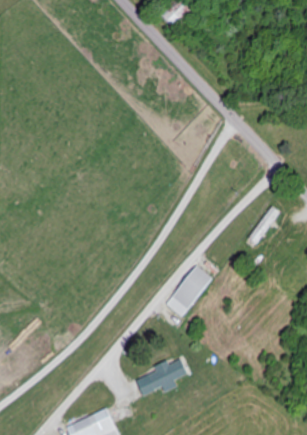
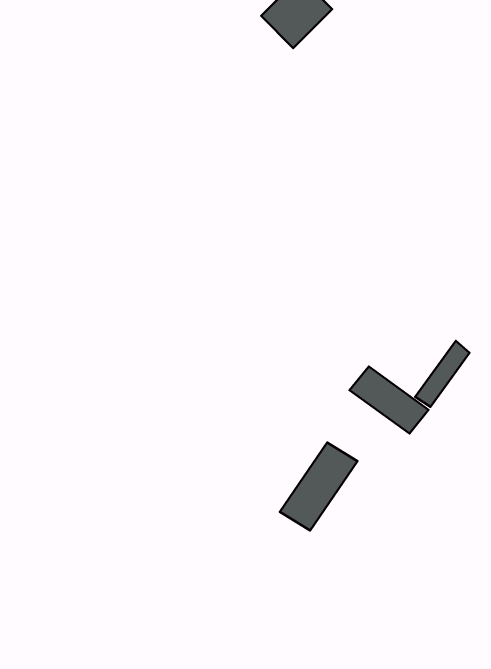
building: none -> [350,366,428,434]
building: [144,356,186,391] -> none

